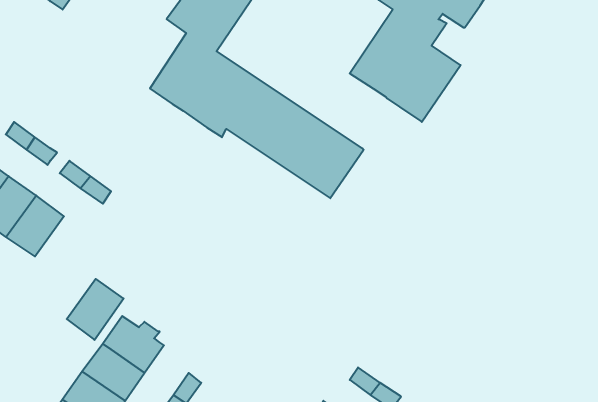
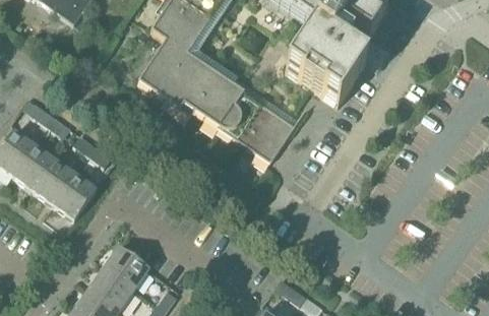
building: [67,279,124,340] -> [54,176,96,220]

